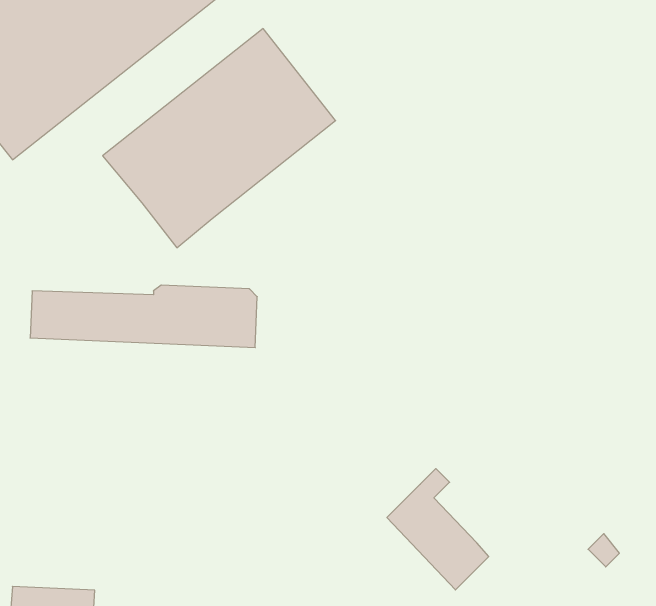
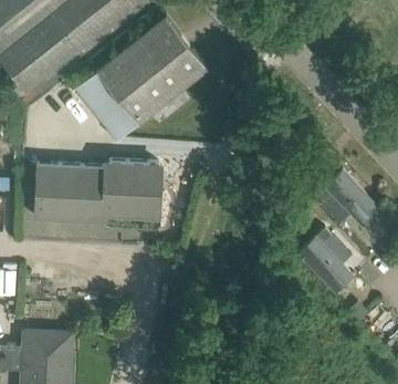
building: none -> [324,170,379,227]
building: none -> [33,191,161,230]
building: [387,469,489,590] -> [296,227,354,295]

